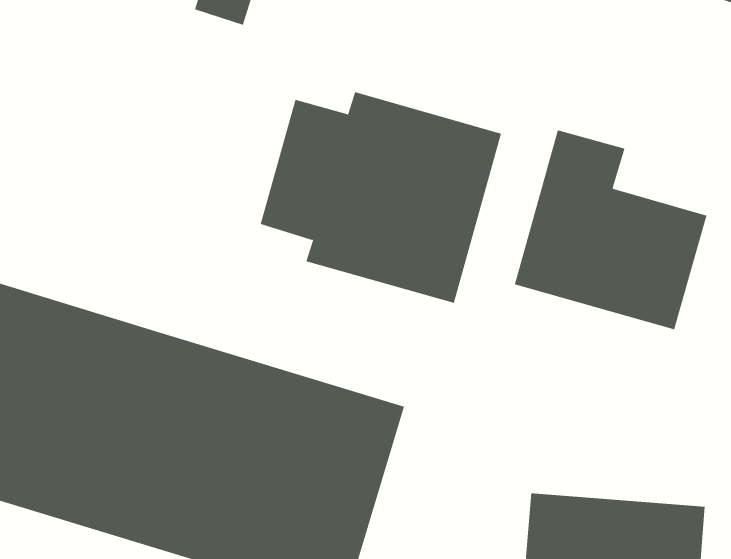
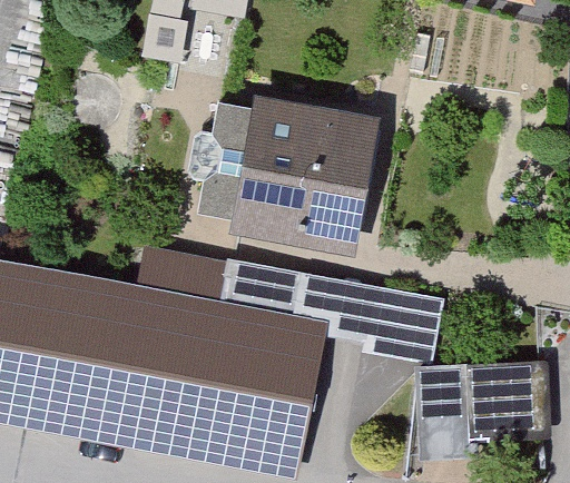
building: [514,129,707,330] -> none
building: none -> [137,244,440,359]

